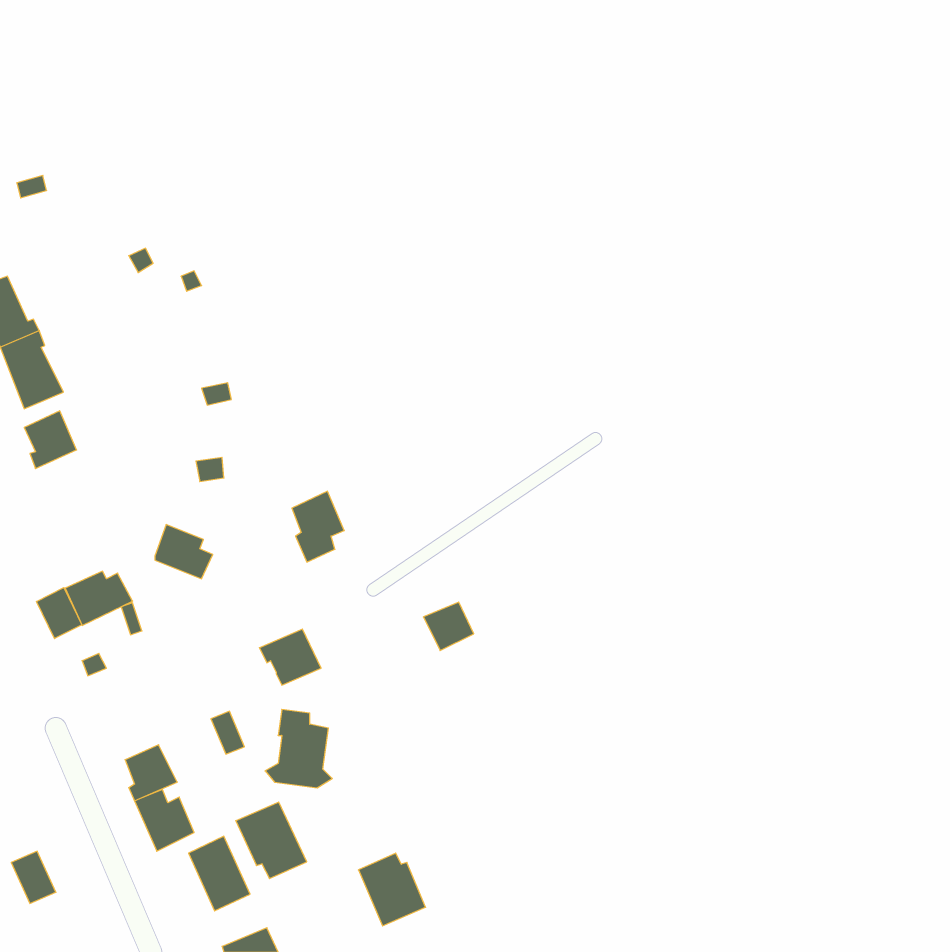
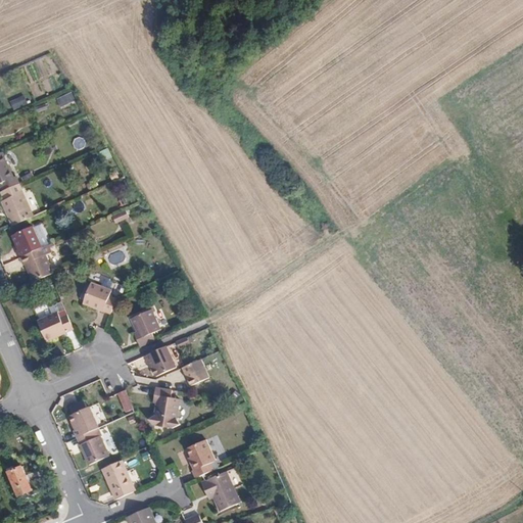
building: none -> [19,249,53,282]
building: [292,491,344,562] -> [130,305,158,344]
building: [37,588,82,639] -> none
building: [423,602,474,651] -> [181,356,208,383]
building: [236,802,307,879] -> [178,434,217,476]

